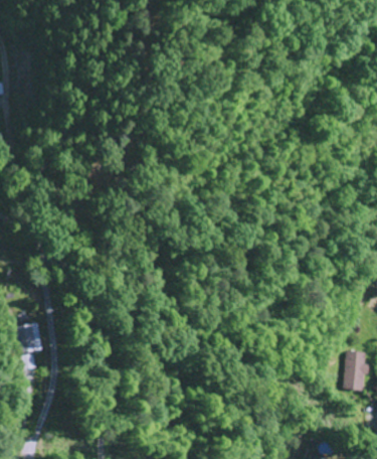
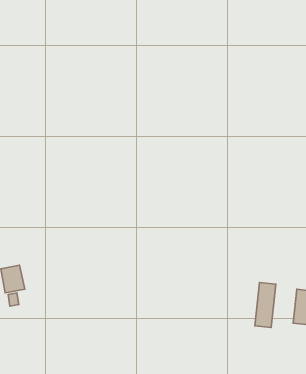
building: none -> [255,282,276,327]

